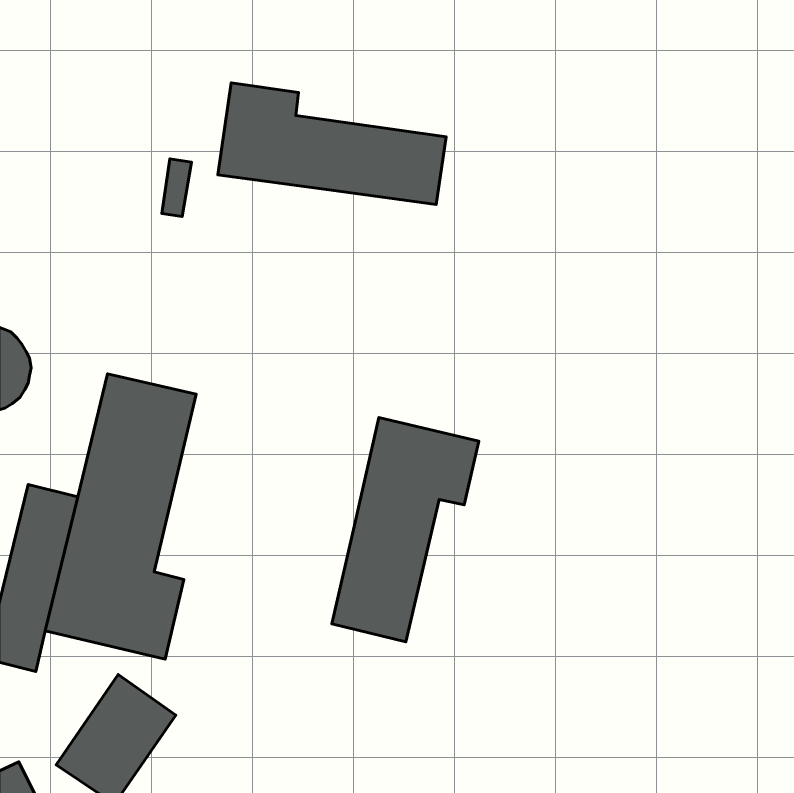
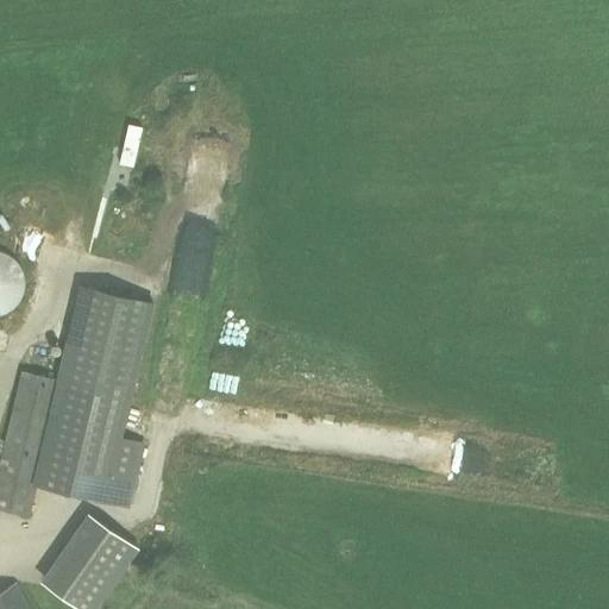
building: [218,83,446,205] -> none
building: [332,417,479,642] -> none

